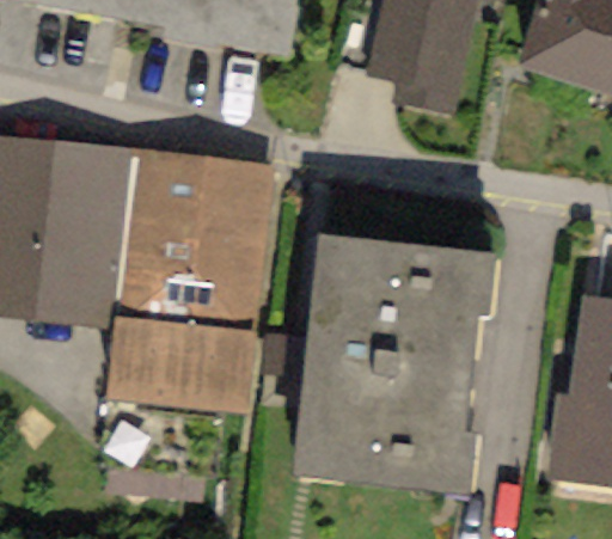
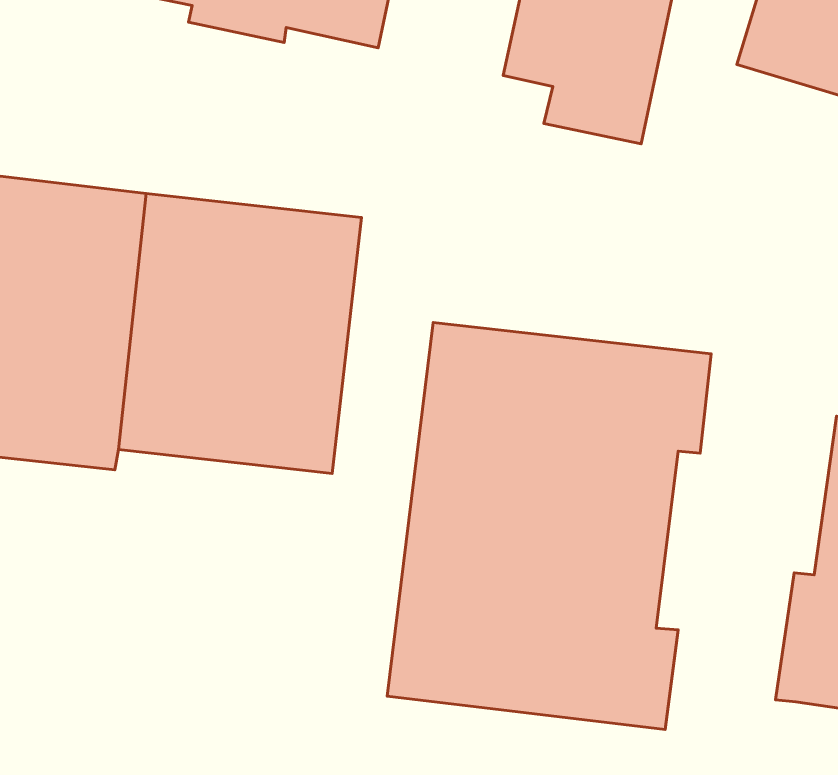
building: [105,314,255,411] -> none

